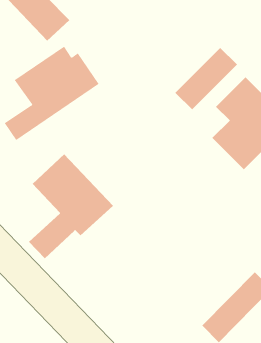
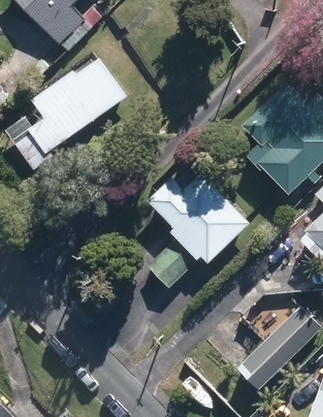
building: [175,47,238,110] -> none
building: [28,154,114,259] -> [152,167,248,286]

